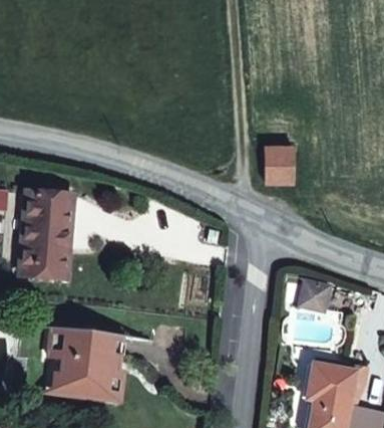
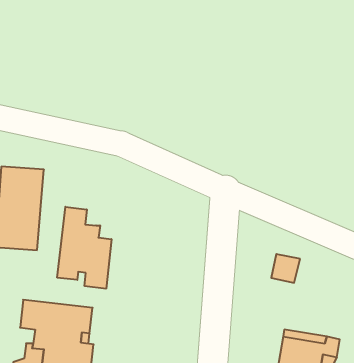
building: [264,147,293,182] -> none
building: none -> [57,207,111,289]

